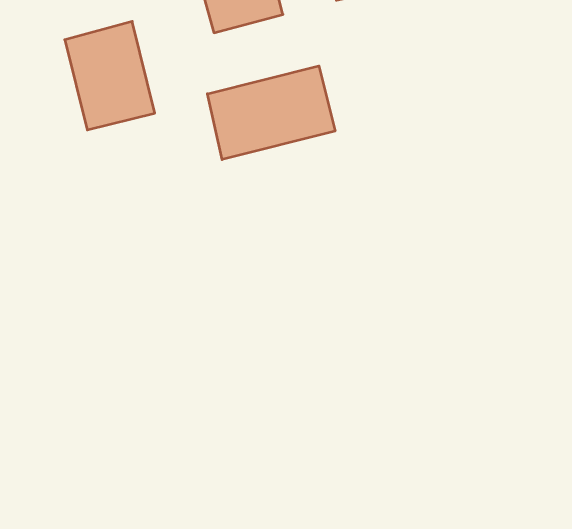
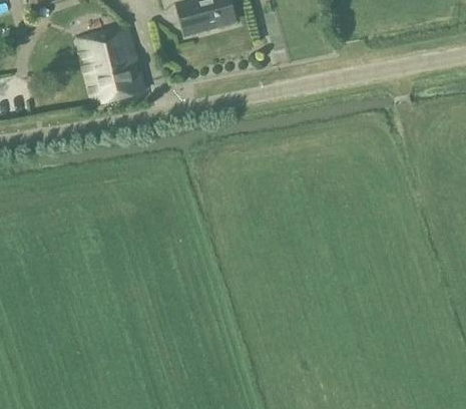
building: [207,66,335,160] -> none

